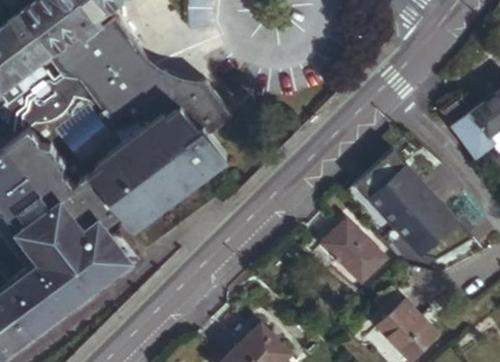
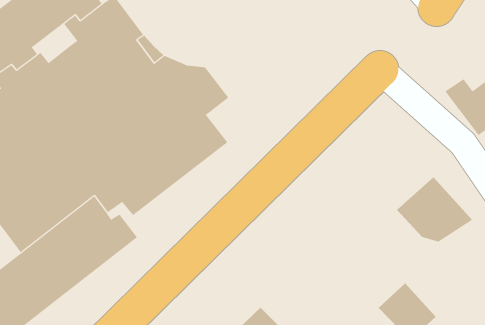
building: [355,152,432,229] -> none
building: [322,219,387,284] -> none

